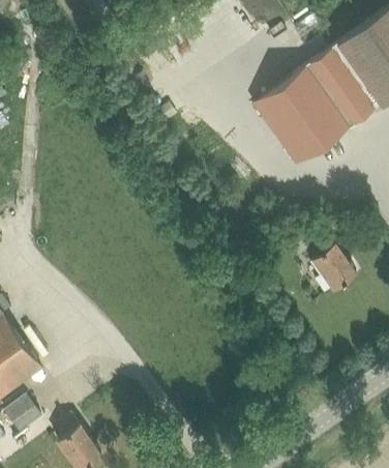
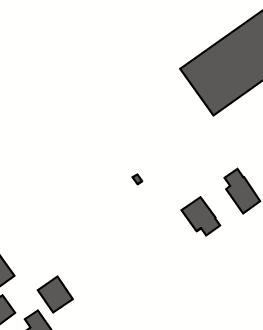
building: none -> [182,197,220,235]
building: none -> [38,277,73,313]

